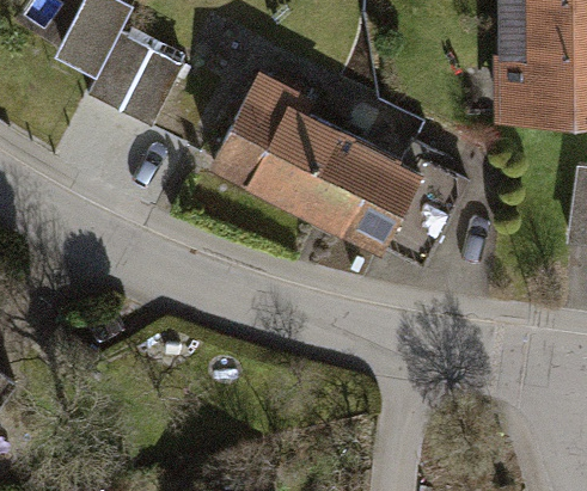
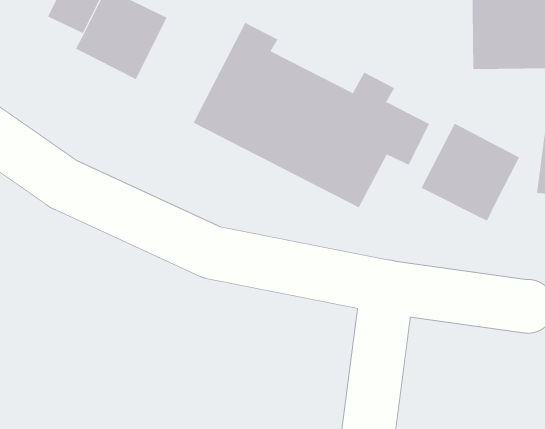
building: none -> [421,123,520,222]

